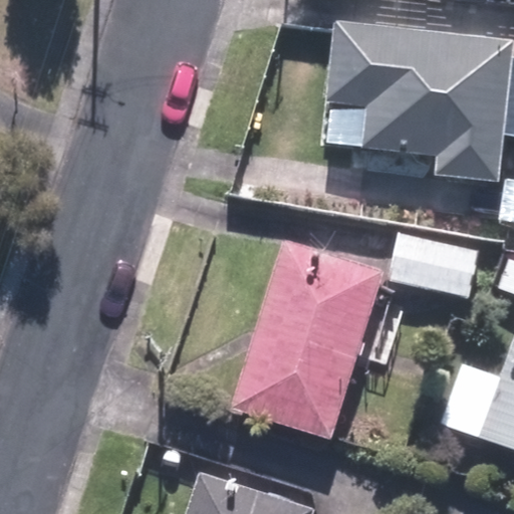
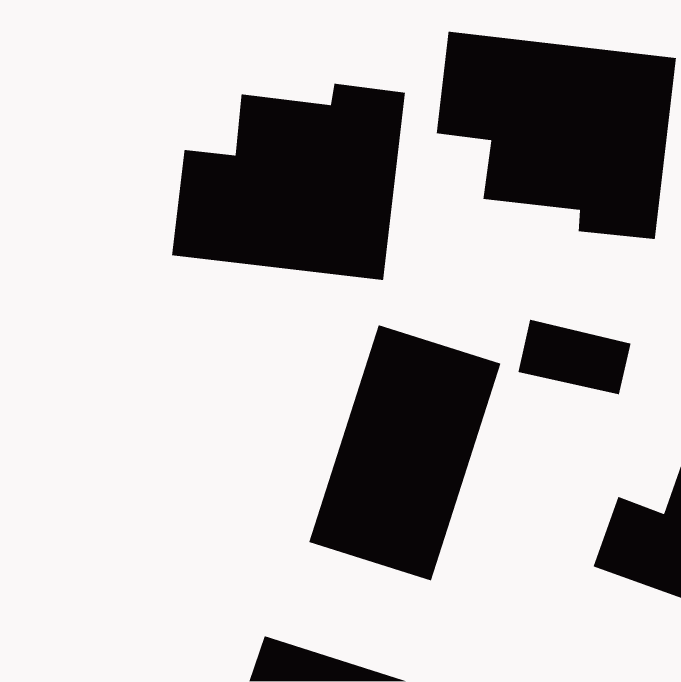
building: none -> [171,83,406,281]

